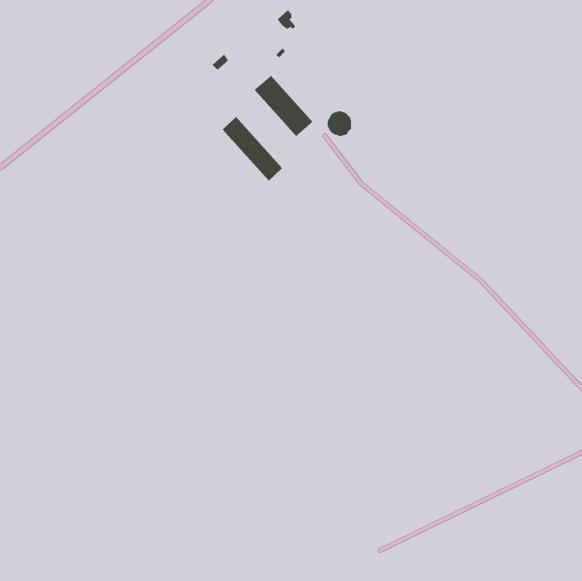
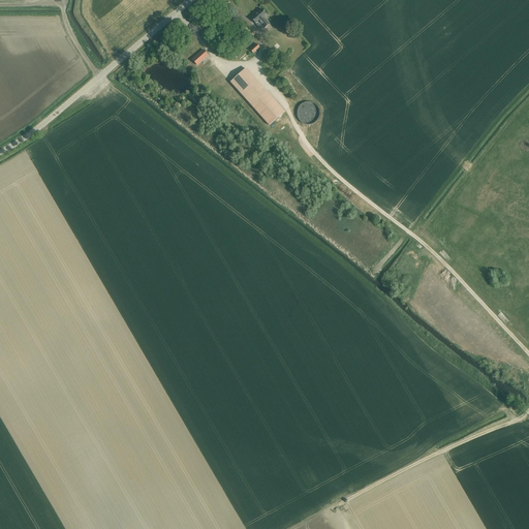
building: [222,116,283,182] -> none

